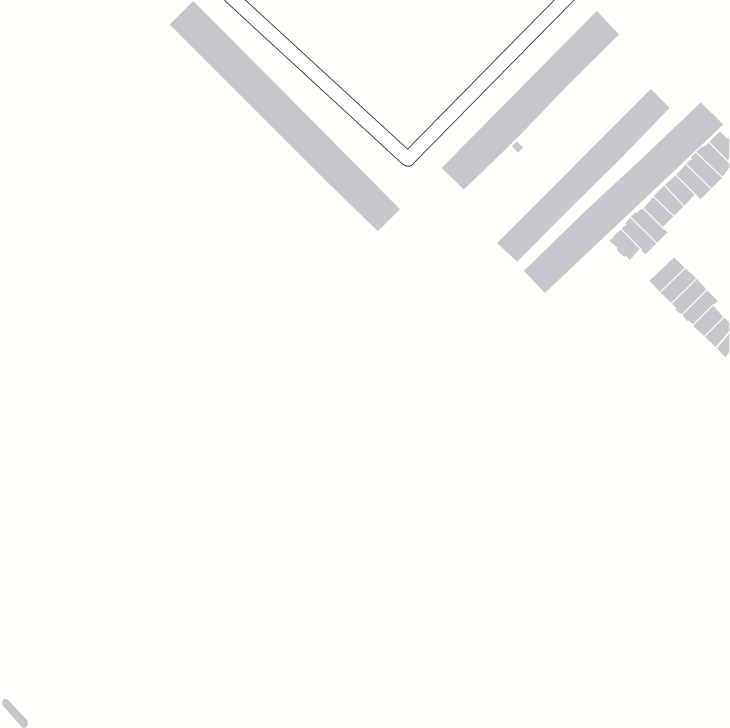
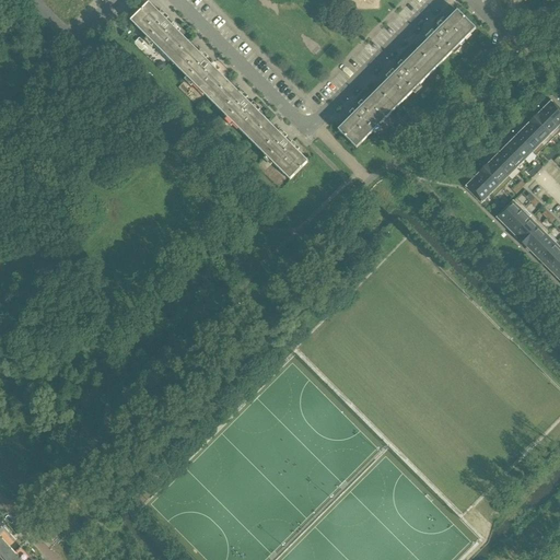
building: [496,88,670,263] -> none
building: [523,102,724,294] -> none

